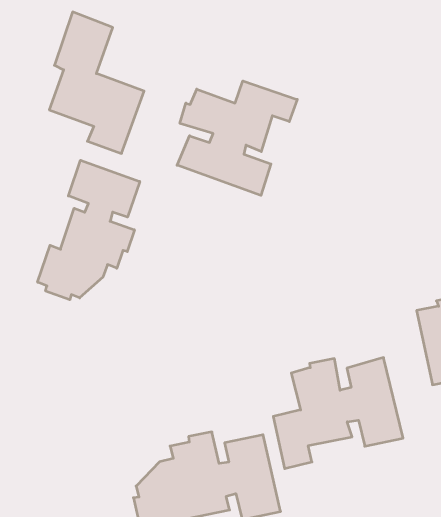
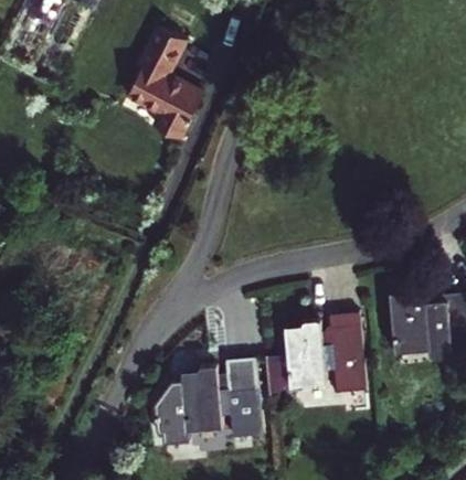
building: [177,81,297,195] -> none
building: [38,160,140,300] -> none

